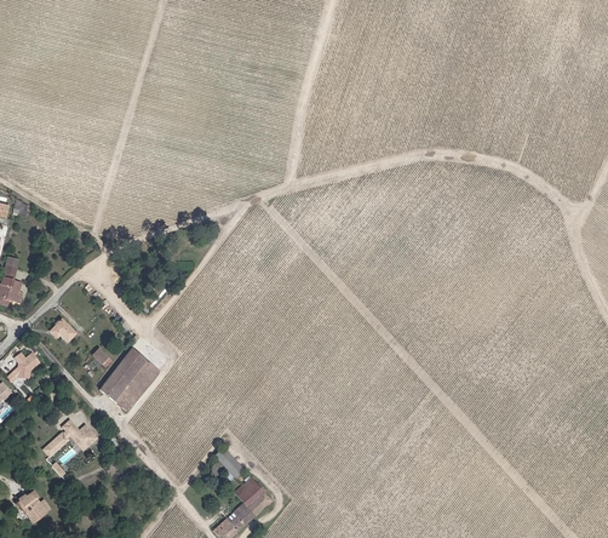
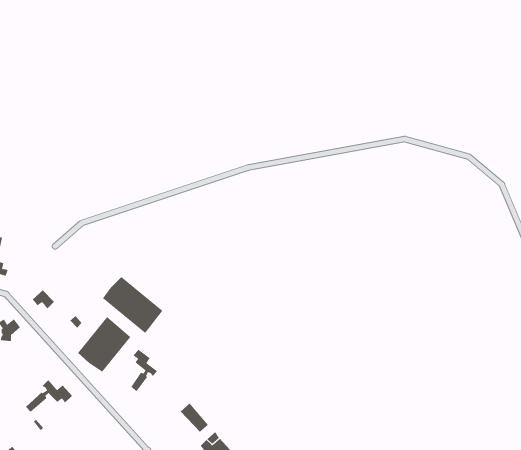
building: none -> [102,276,163,334]
building: none -> [130,349,158,392]

